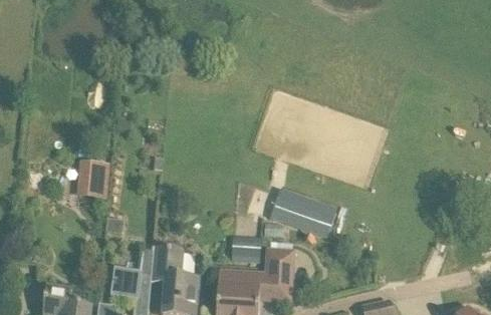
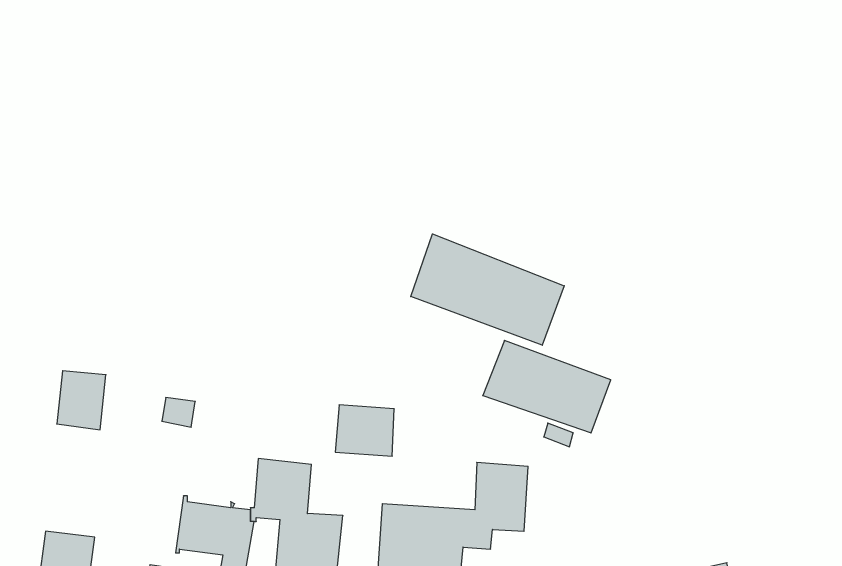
building: none -> [411,234,564,345]
building: [84,162,109,192] -> [57,371,106,430]
building: [231,237,261,263] -> [335,405,394,456]

